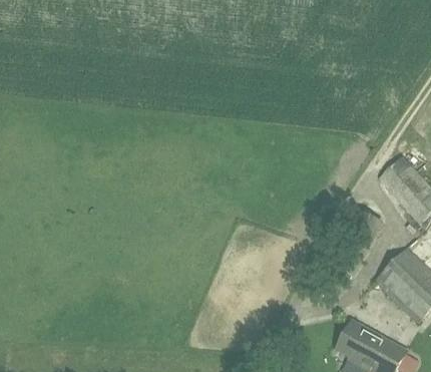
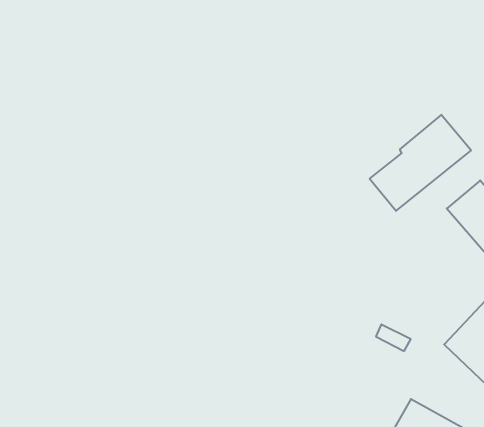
building: none -> [370,115,471,211]

